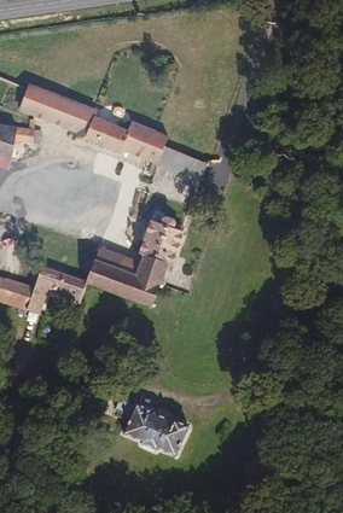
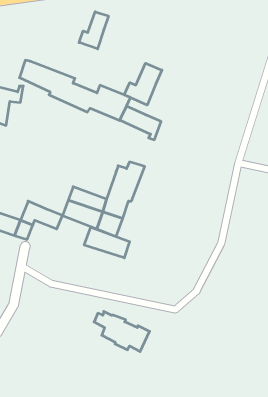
building: none -> [79,12,108,49]
building: none -> [124,63,162,105]
building: none -> [84,227,130,258]

